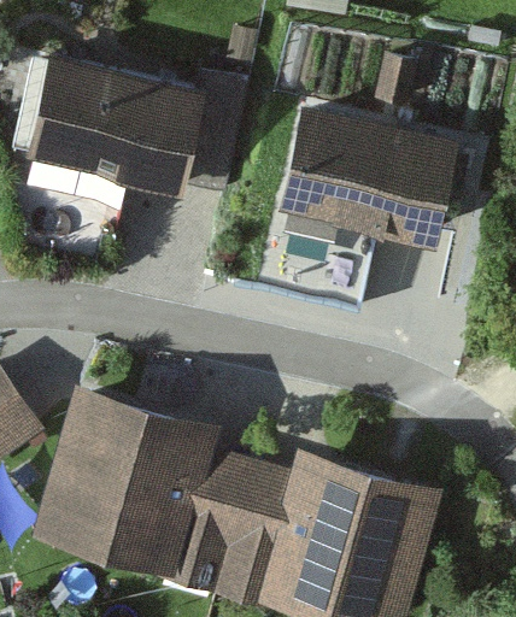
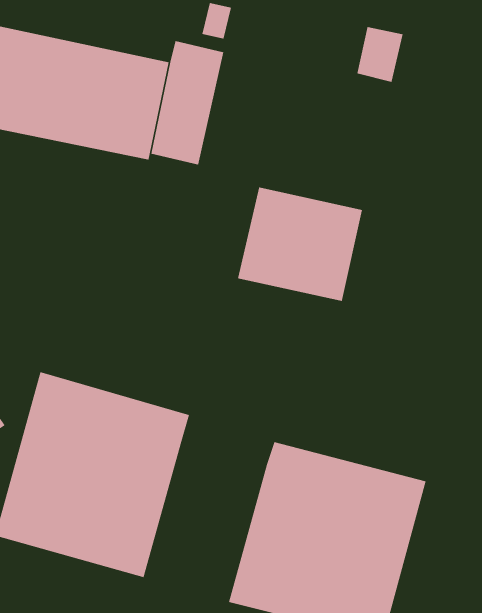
building: [283,107,461,242] -> none
building: [175,451,291,603] -> none

